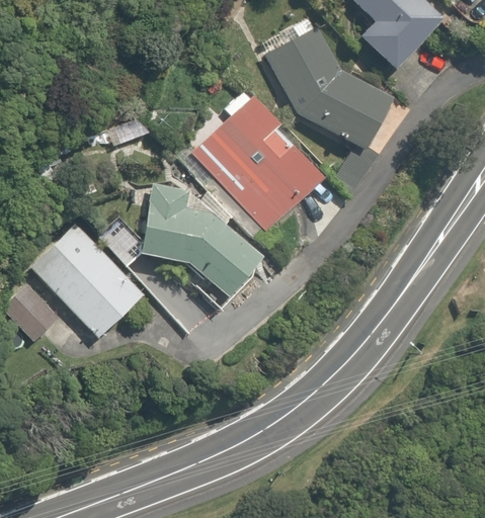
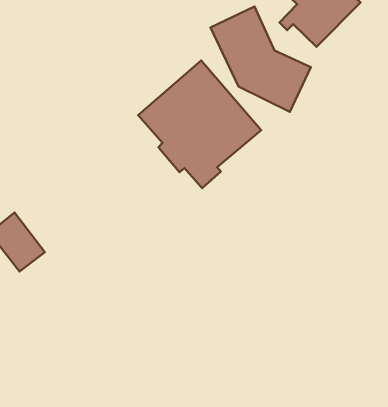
building: [141,185,259,297] -> none
building: [33,217,151,339] -> none

